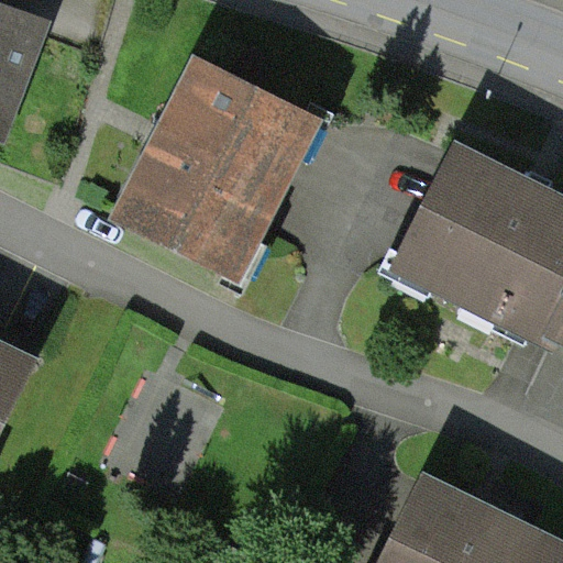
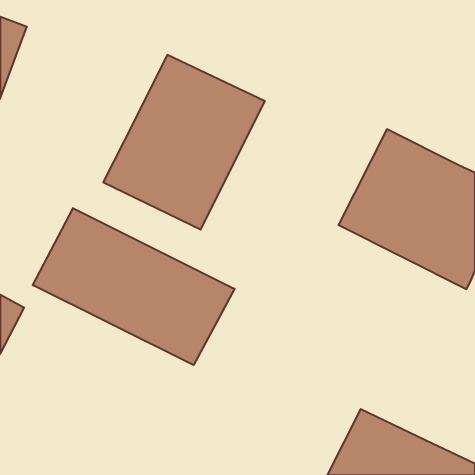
building: none -> [33,208,235,365]

